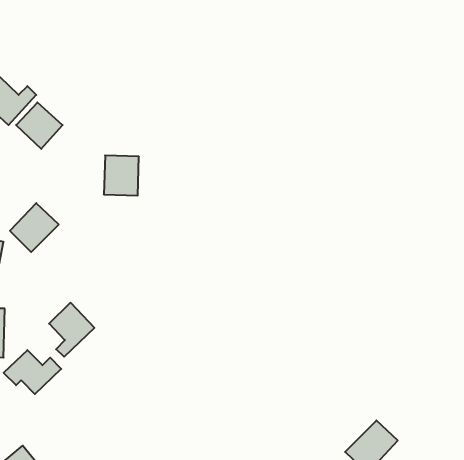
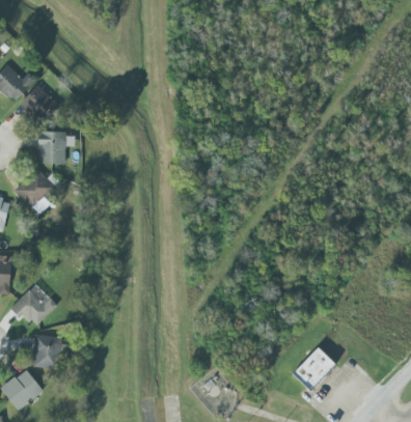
building: [104,155,139,196] -> [37,131,66,164]
building: [49,303,94,357] -> none
building: none -> [32,334,62,369]

